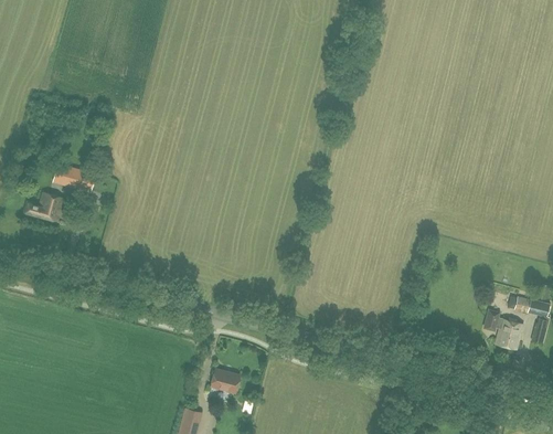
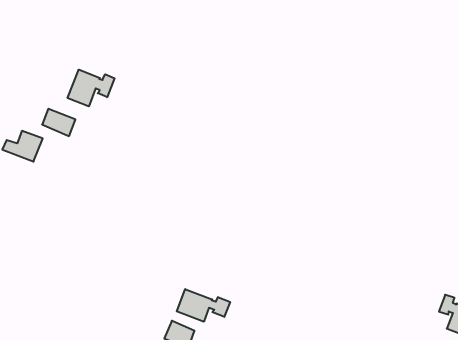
building: none -> [68,70,115,106]
building: none -> [177,289,230,322]

